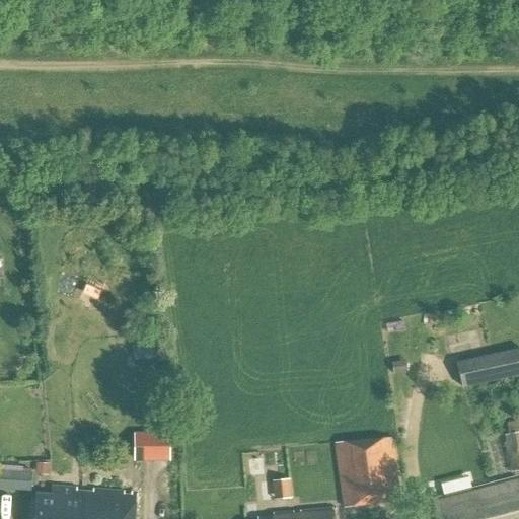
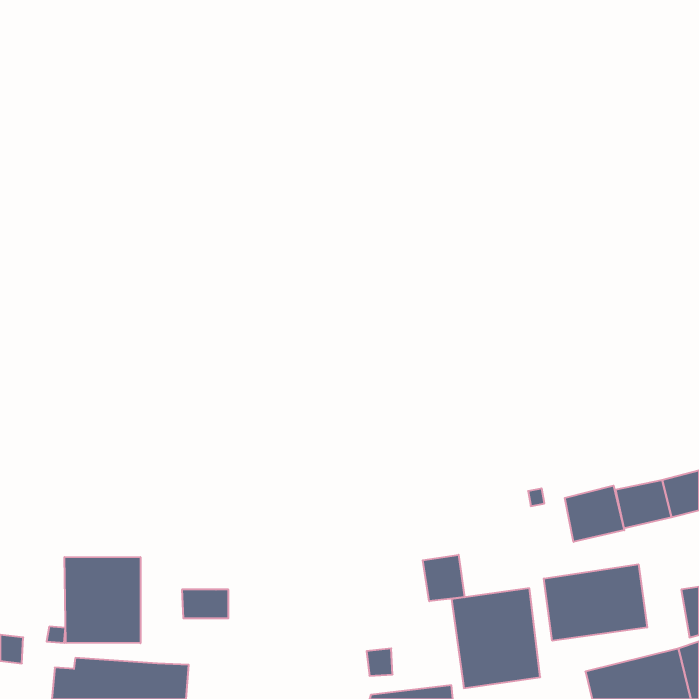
building: none -> [565,486,624,542]
building: none -> [423,555,465,601]
building: none -> [65,557,140,643]
building: none -> [544,564,647,641]

